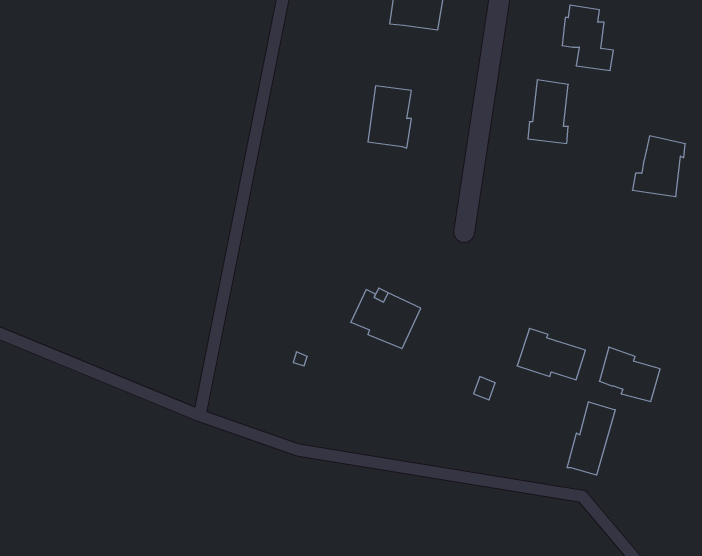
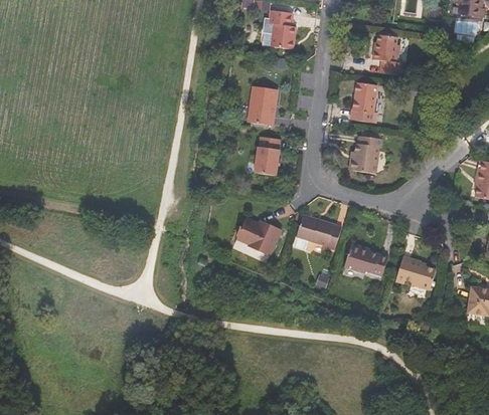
building: [632,136,685,197] -> [348,134,382,173]
building: none -> [255,136,281,175]
building: none -> [293,216,342,249]
building: [567,402,615,475] -> none

